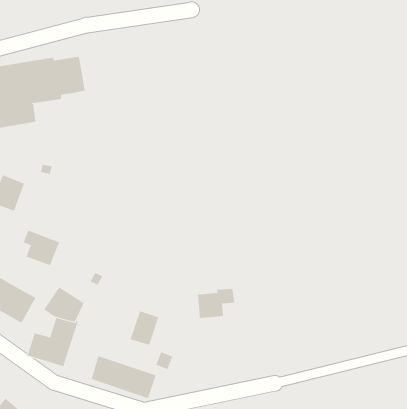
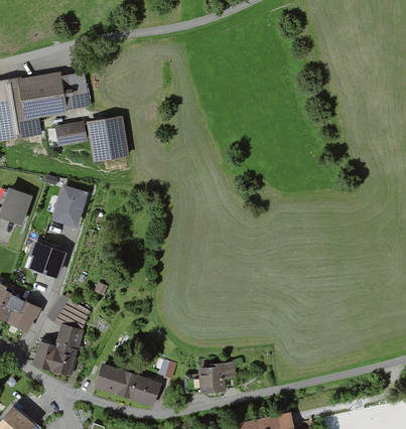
building: none -> [53,115,128,161]
building: none -> [50,184,85,225]
building: [197,288,235,318] -> [204,365,241,394]
building: [130,311,159,345] -> none

